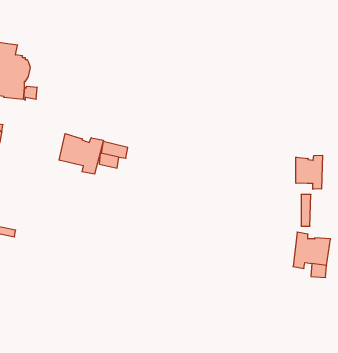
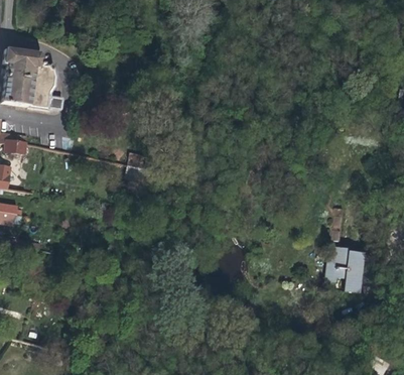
building: [59,134,103,174] -> none
building: [296,155,322,189] -> none

